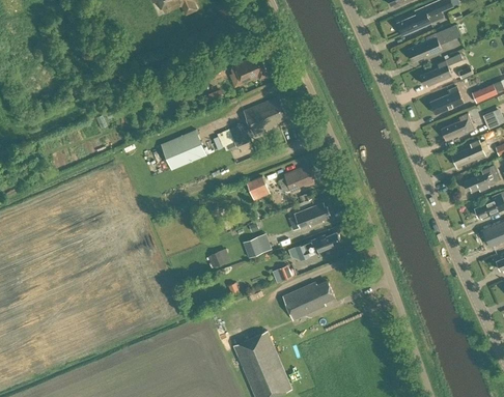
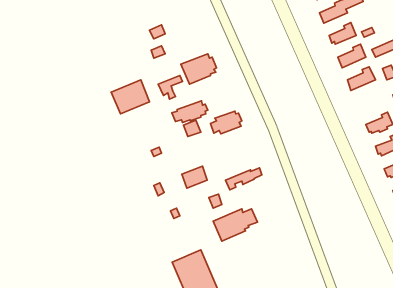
building: [234,57,268,84] -> none
building: [451,140,484,168] -> none
building: [287,203,330,229] -> [172,101,208,123]

